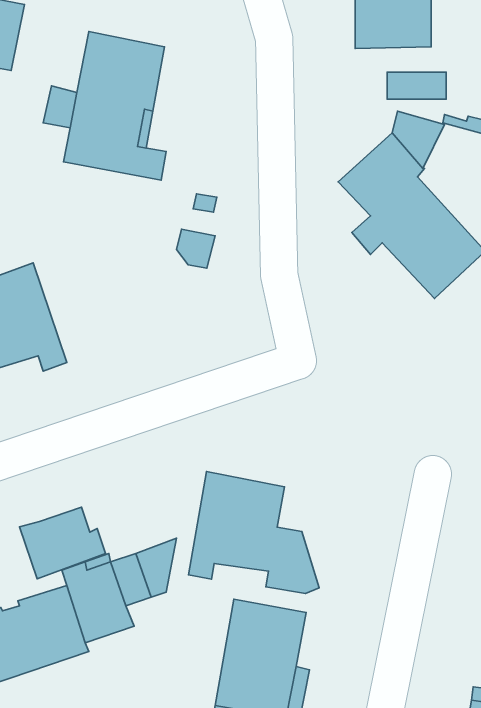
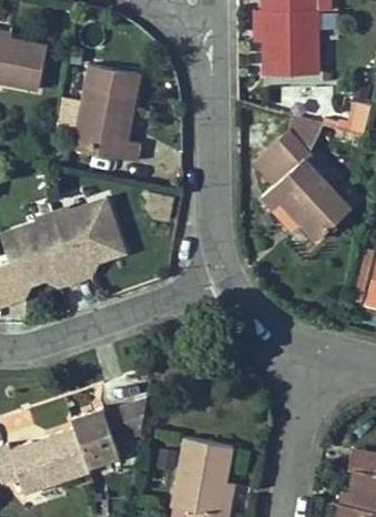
building: none -> [53,199,126,282]
building: [188,472,319,594] -> none
building: [19,507,106,579] -> none

